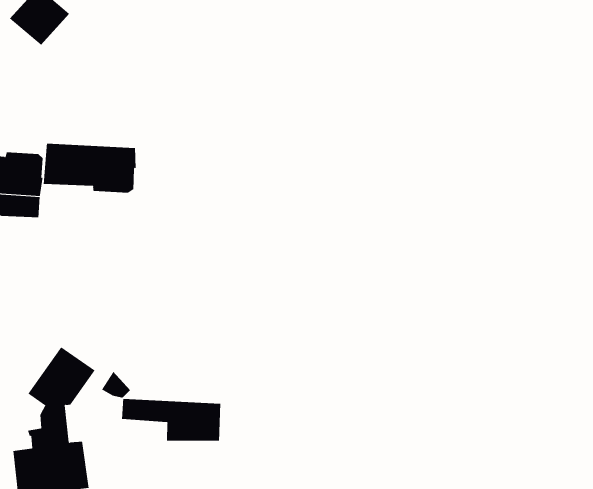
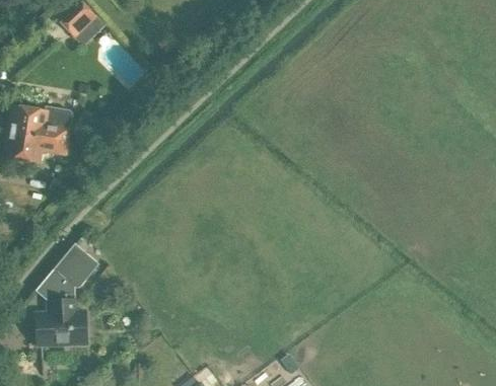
building: [43,143,136,193] -> none
building: [122,398,221,441] -> none

